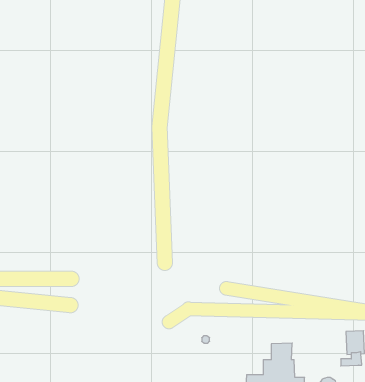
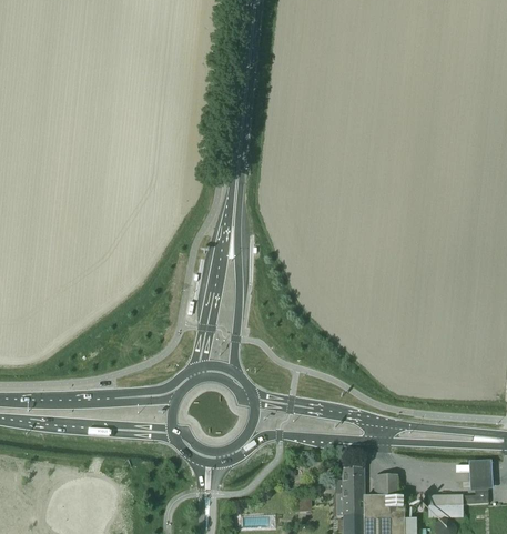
building: none -> [335,466,364,514]
building: none -> [428,494,463,515]

